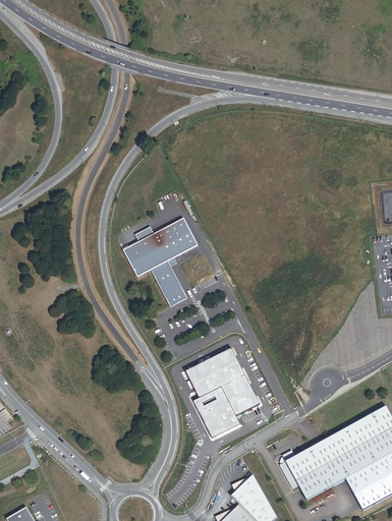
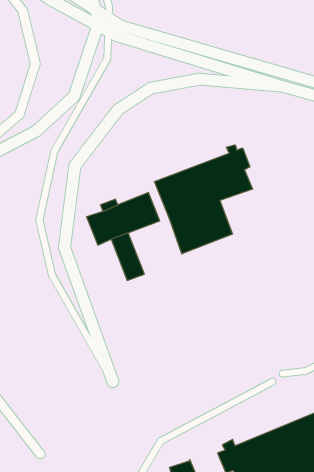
building: none -> [155,145,252,254]
building: [185,347,261,439] -> none

